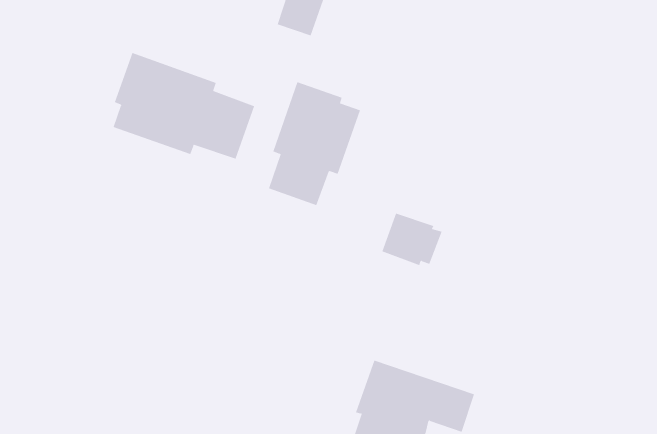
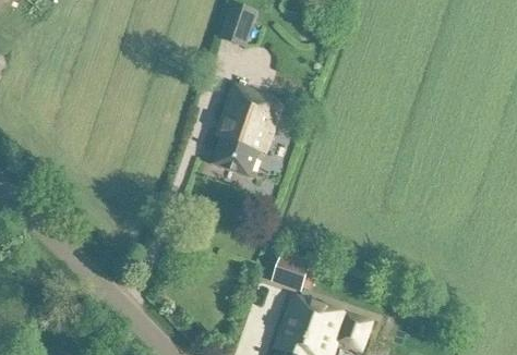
building: [113,52,255,159] -> none
building: [381,213,443,266] -> [272,250,318,291]

